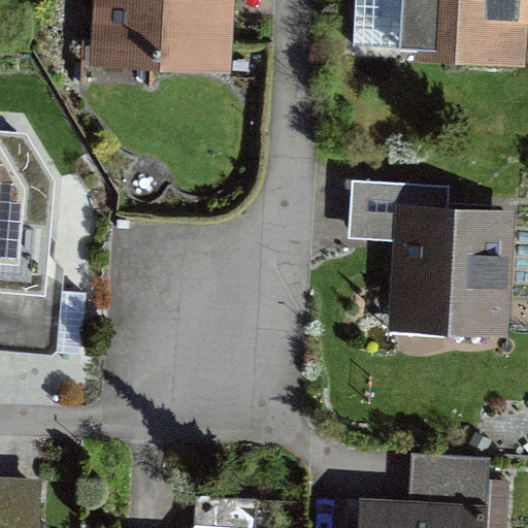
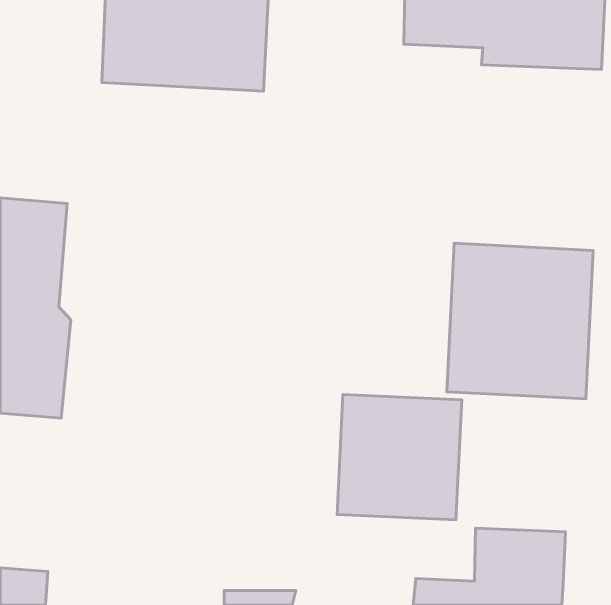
building: none -> [337,394,462,520]

